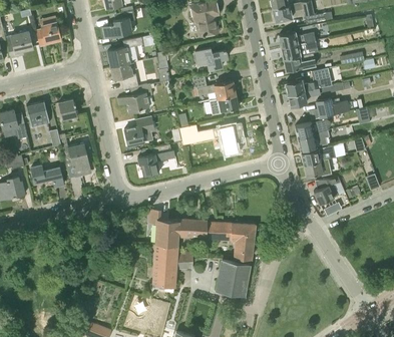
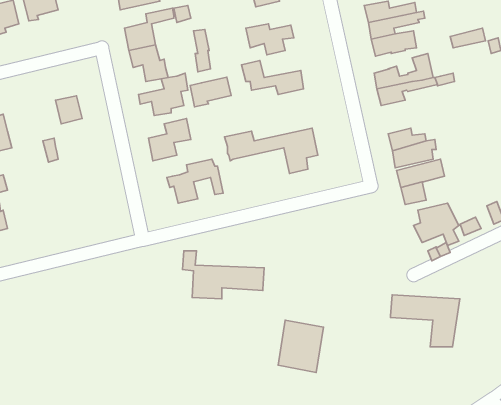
building: [209,95,238,116] -> [190,77,231,107]
building: [316,99,349,118] -> none
building: [26,102,49,128] -> none
building: [67,144,89,179] -> none
building: [30,165,63,188] -> none
building: [206,223,255,260] -> [391,295,460,347]
building: [153,244,191,288] -> none

